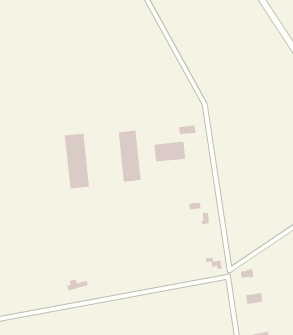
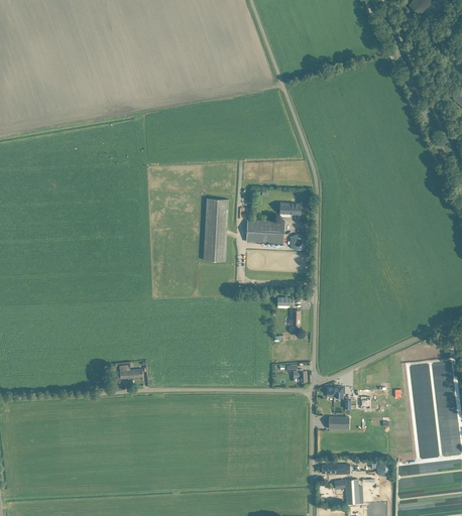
building: [64,133,90,189] -> none

